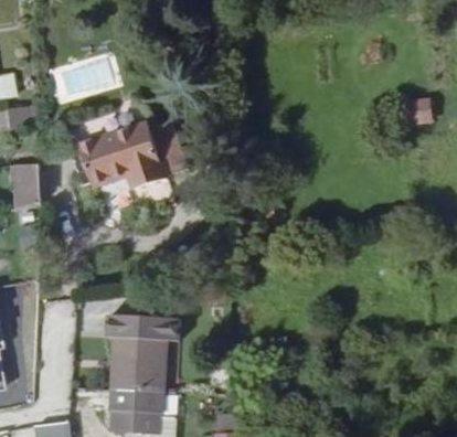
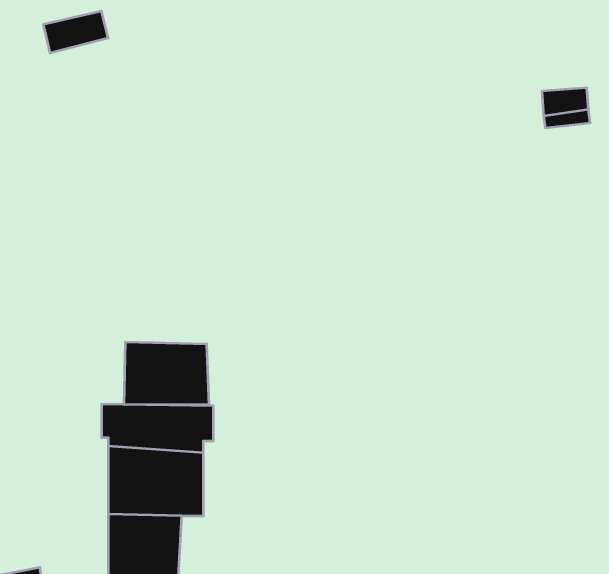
building: [78,124,187,189] -> none
building: none -> [124,342,209,405]

